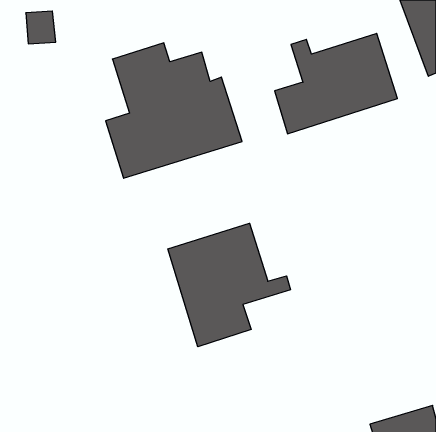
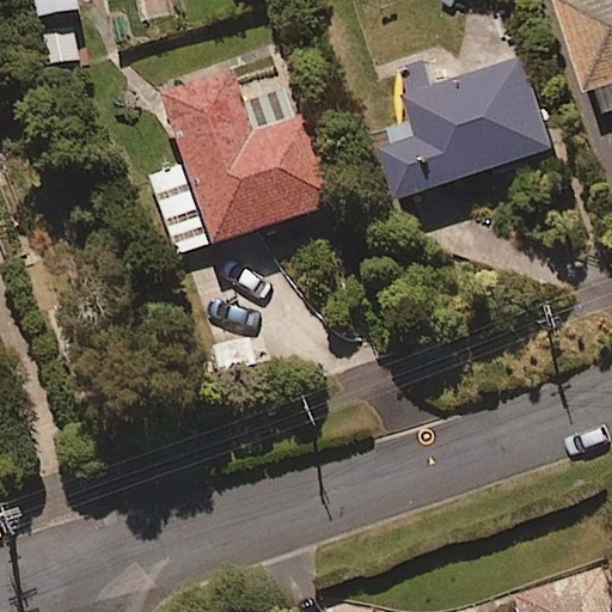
building: [168,223,290,347] -> none

